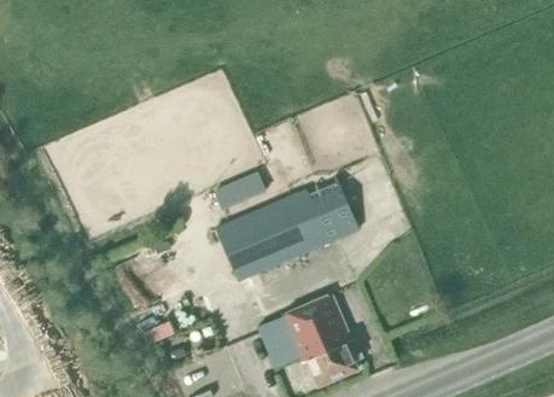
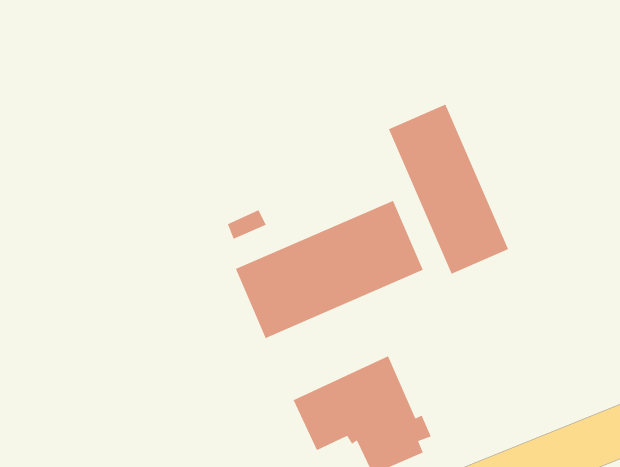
building: none -> [388,104,509,275]

